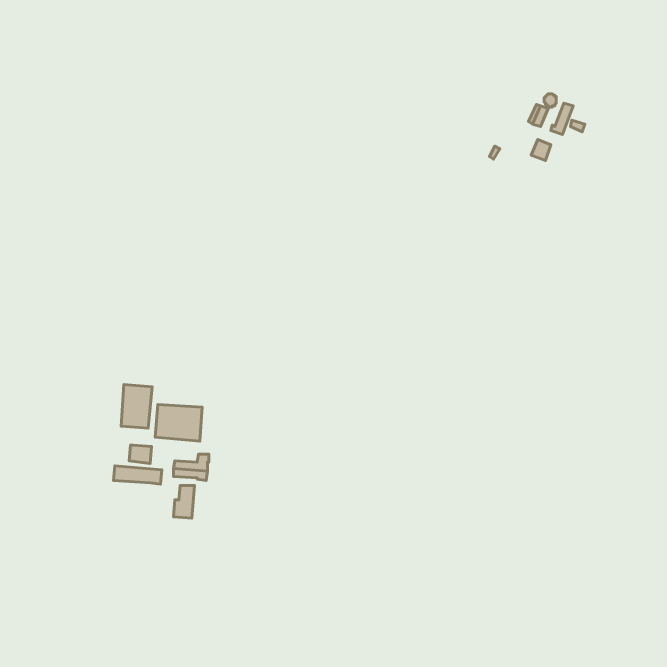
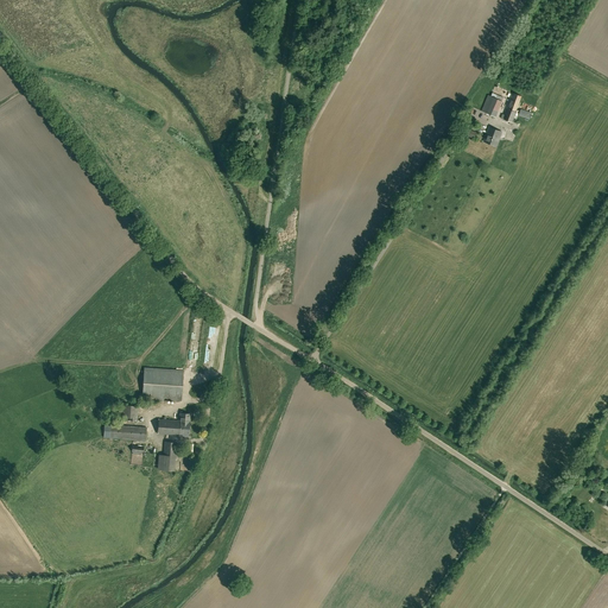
building: [121,385,152,428] -> none

